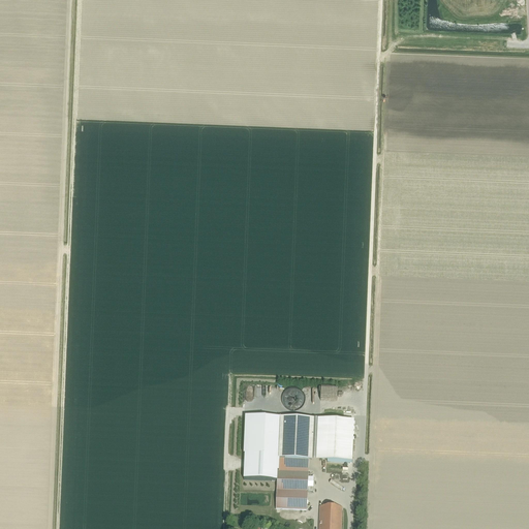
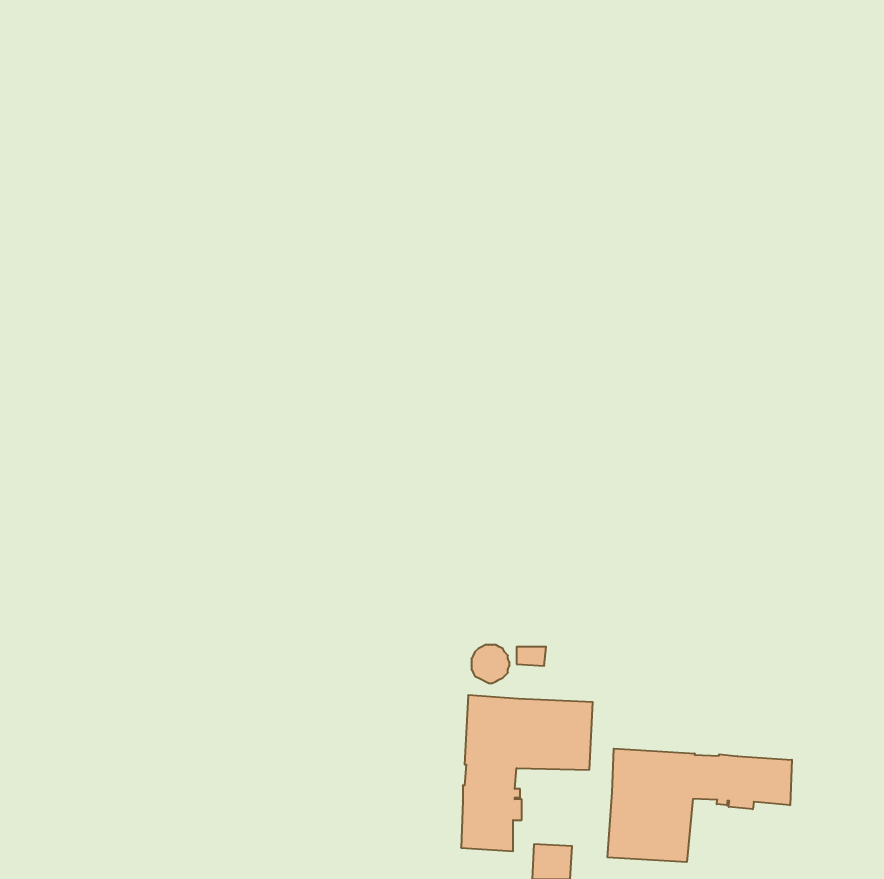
building: [243,413,279,477] -> none
building: none -> [608,749,792,862]

